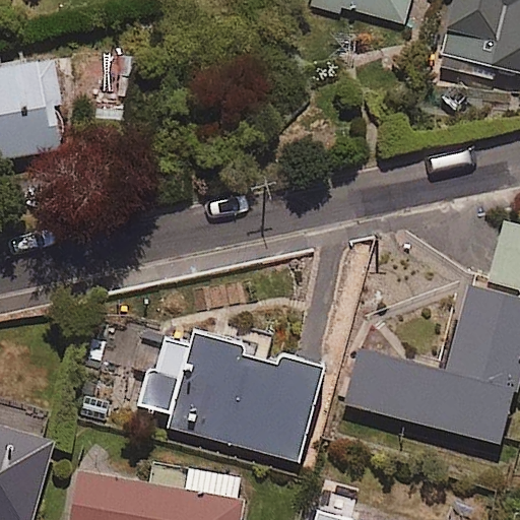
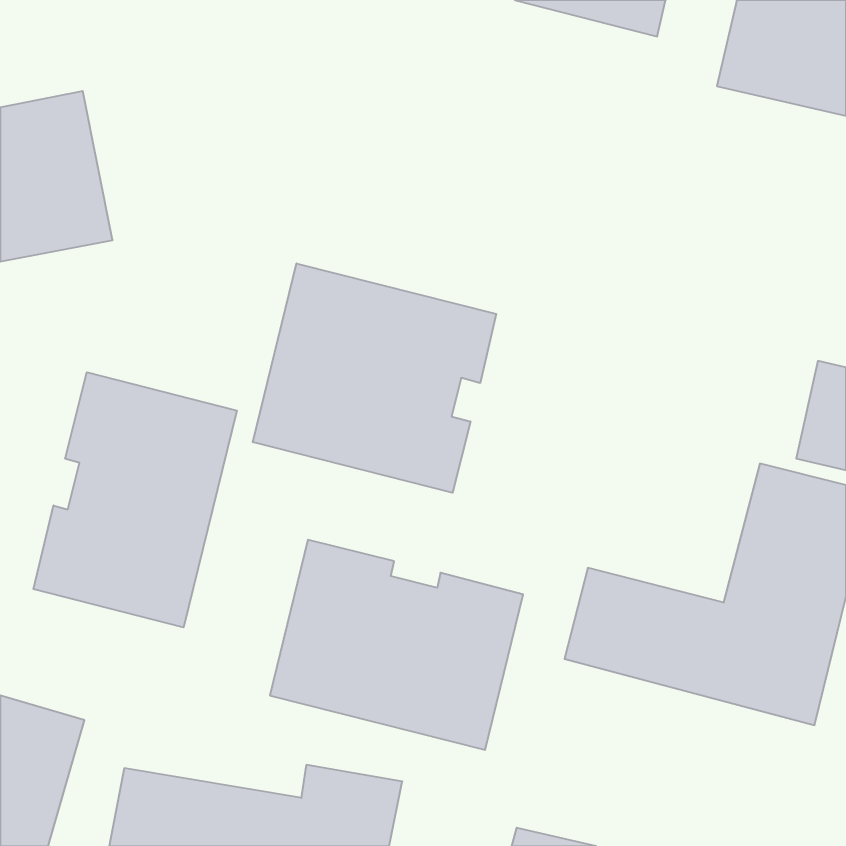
building: none -> [253,263,496,493]
building: none -> [33,372,237,627]

